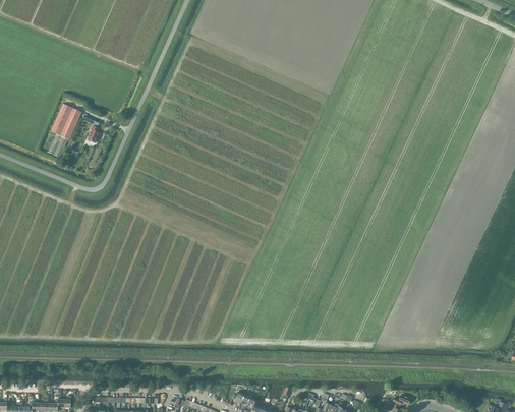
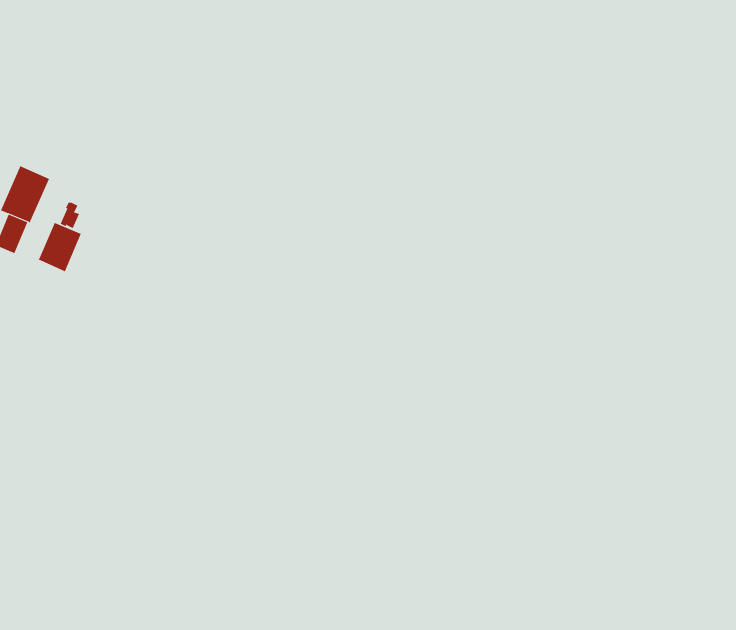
building: none -> [38,222,81,272]

